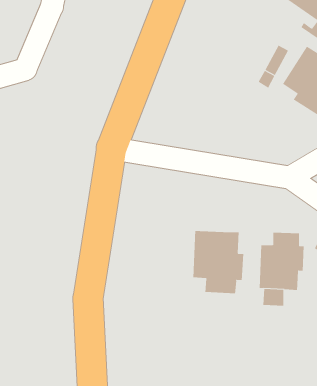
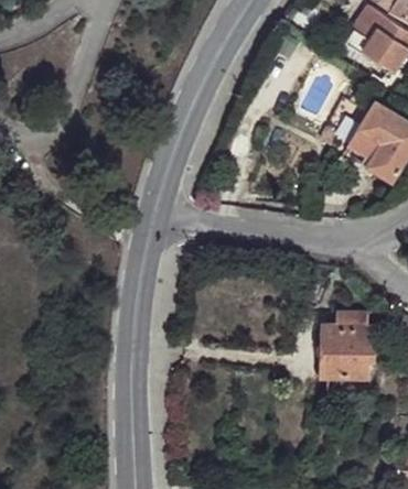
building: [193,230,244,294] -> none

